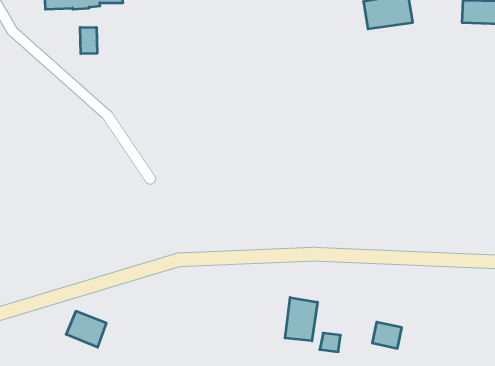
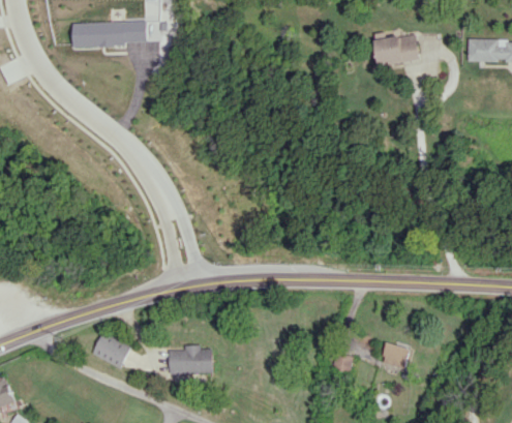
building: [80,27,97,54] -> none
building: [285,297,317,341] -> none
building: none -> [170,346,213,373]

